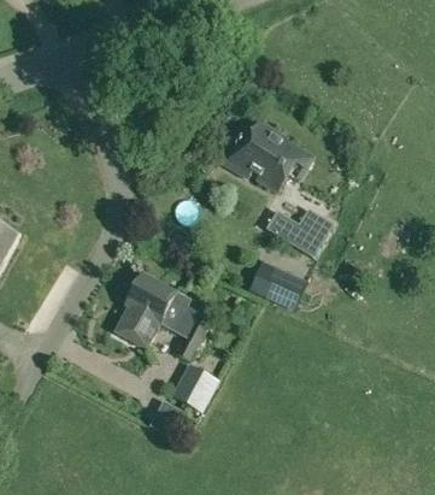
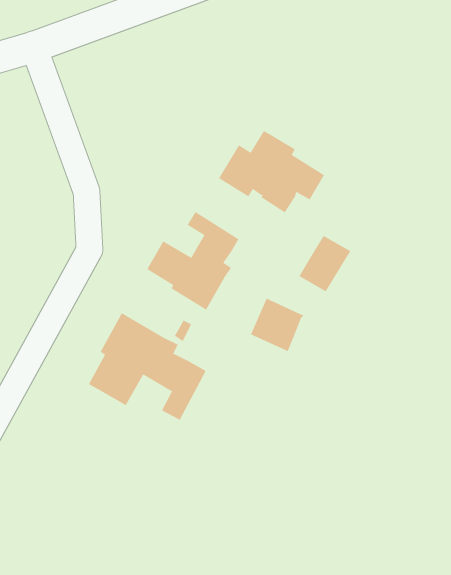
building: none -> [146,211,239,310]
building: [172,364,217,409] -> none

